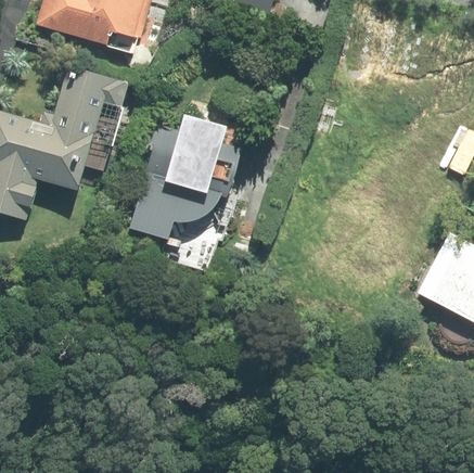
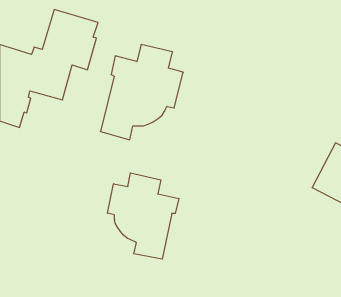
building: none -> [107,173,179,259]

